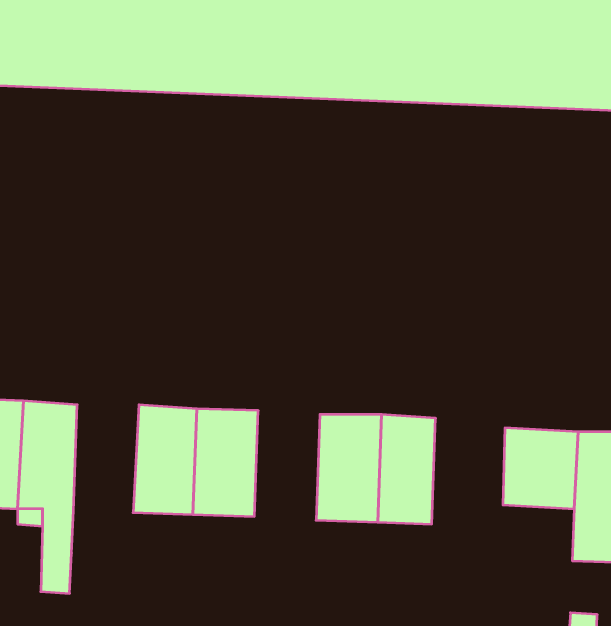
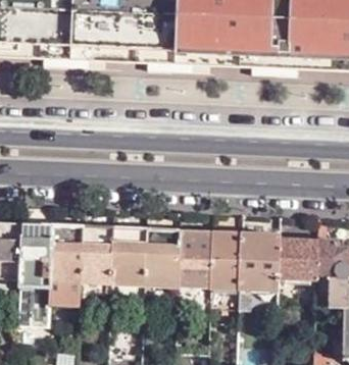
building: none -> [49,224,85,304]
building: none -> [146,227,181,285]
building: none -> [240,231,280,289]

